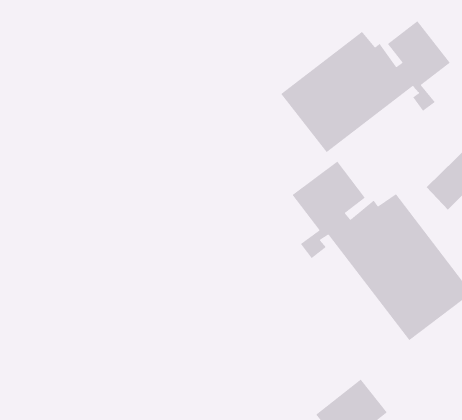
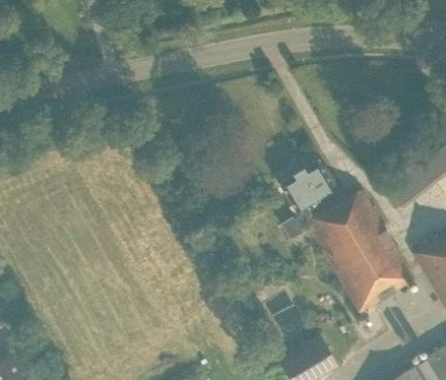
building: [280,20,451,153] -> none

